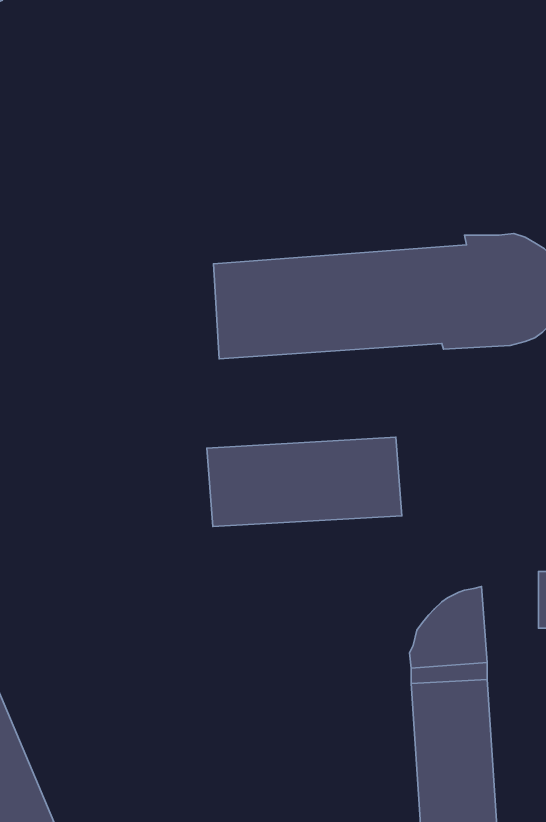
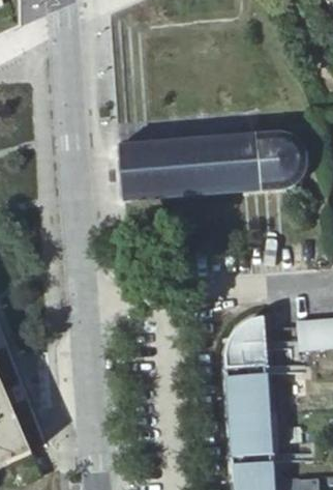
building: [207,437,402,527] -> none

